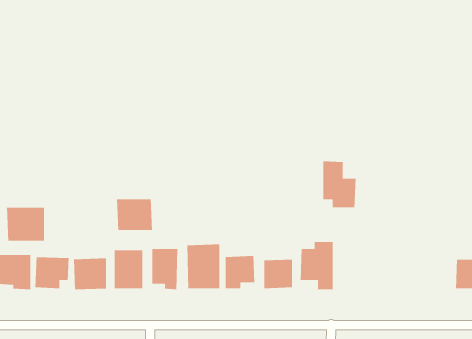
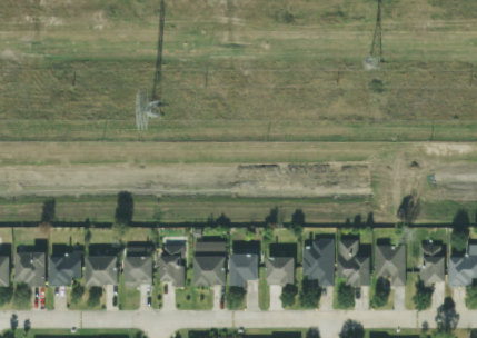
building: [322,160,356,208] -> [337,239,369,285]
building: [116,198,153,231] -> none
building: [6,207,45,242] -> none
building: none -> [374,245,405,286]
building: none -> [418,245,444,286]

